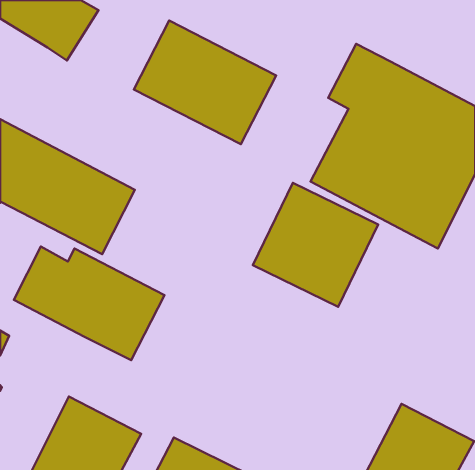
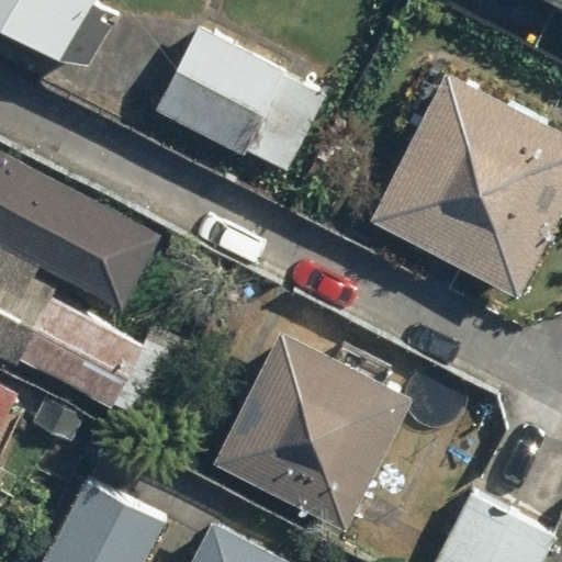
building: [253,183,378,307] -> none
building: none -> [213,330,412,530]

